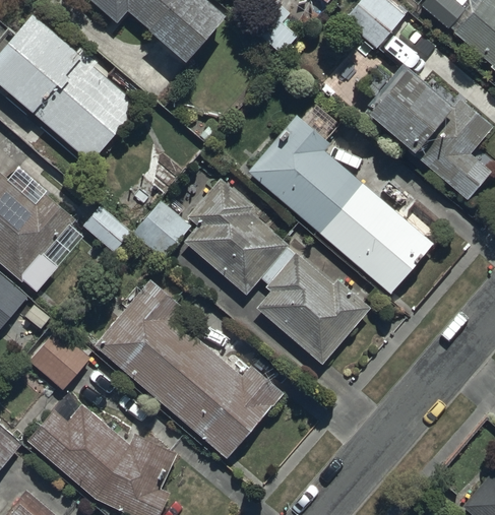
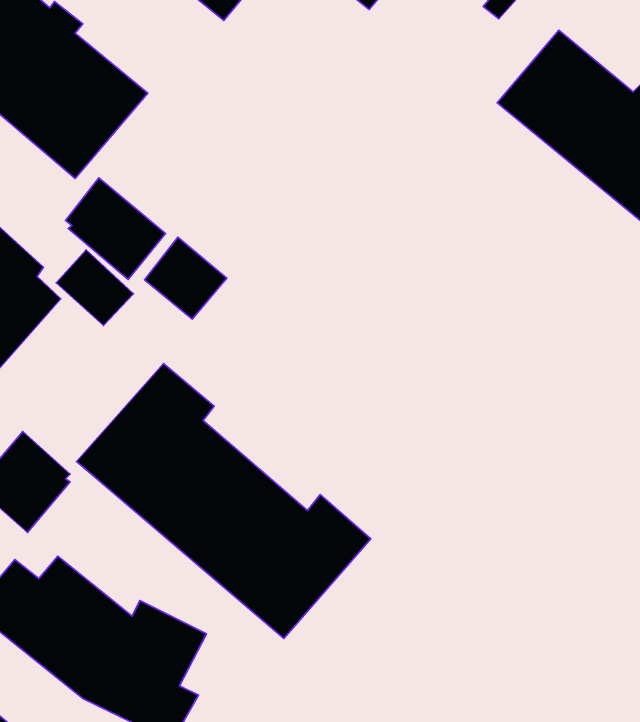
building: [249,116,435,295] -> none
building: none -> [66,178,165,279]
building: [184,179,372,366] -> none

